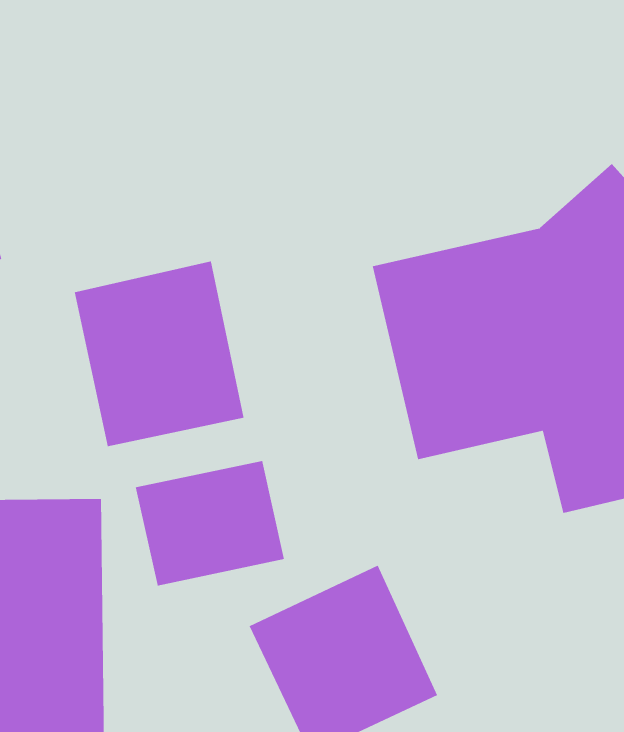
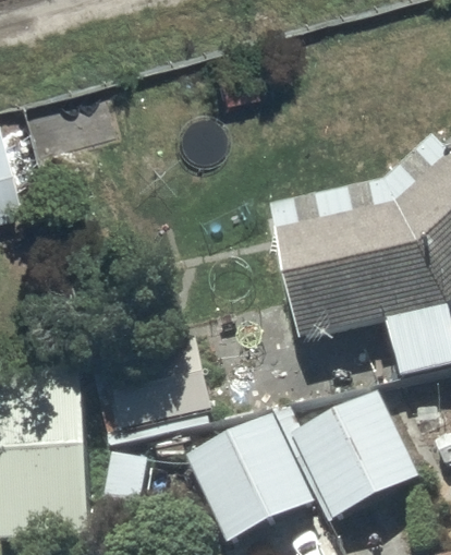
building: [74,261,245,447] -> none
building: none -> [289,388,420,518]

